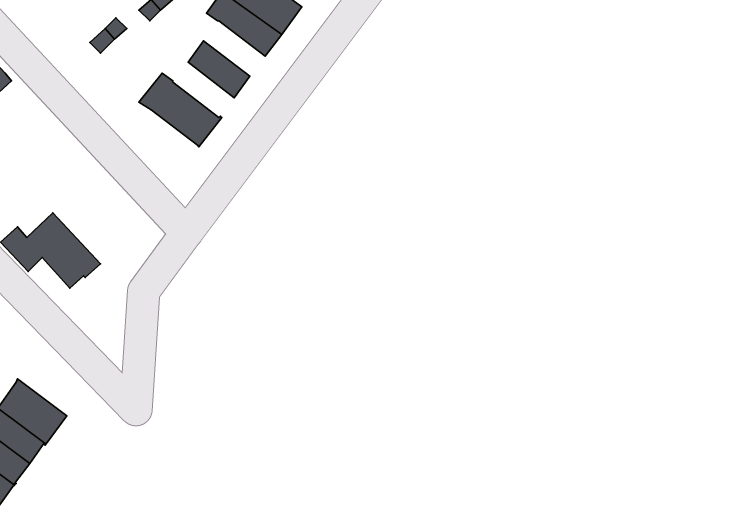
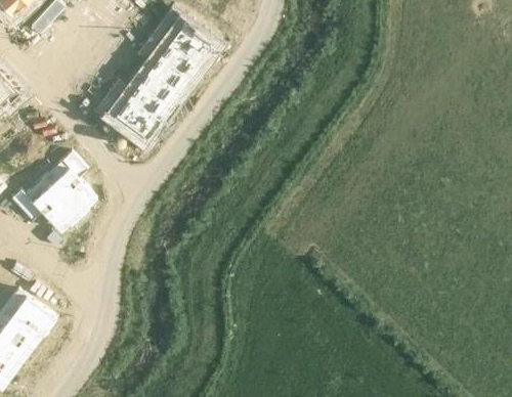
building: none -> [143,51,184,88]
building: none -> [123,79,164,116]
building: none -> [43,145,92,213]

